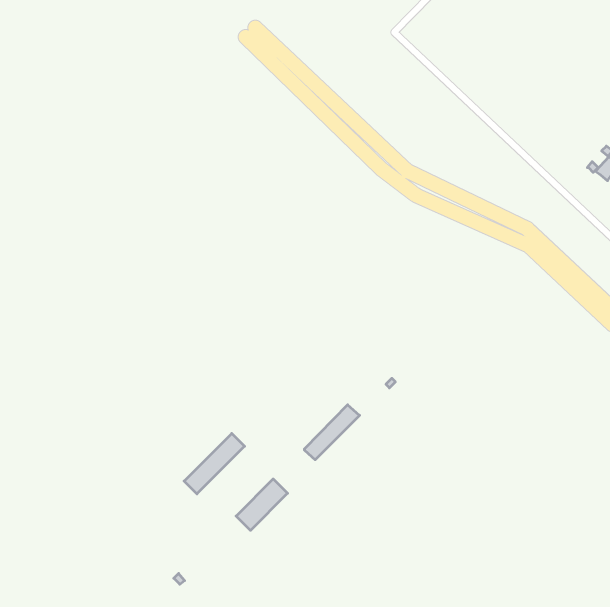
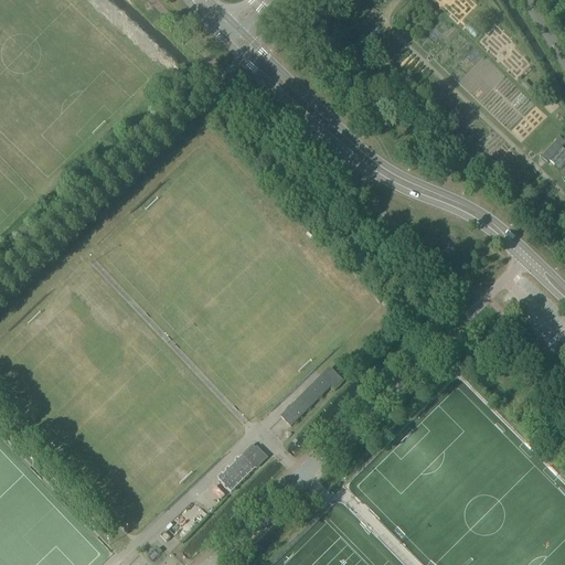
building: [184,433,245,494] -> none

